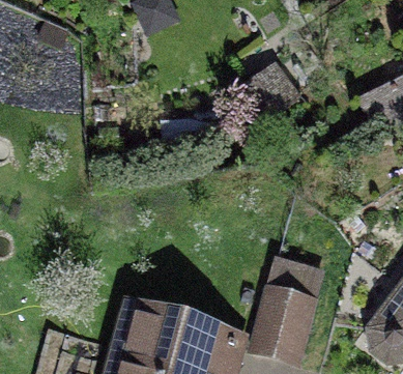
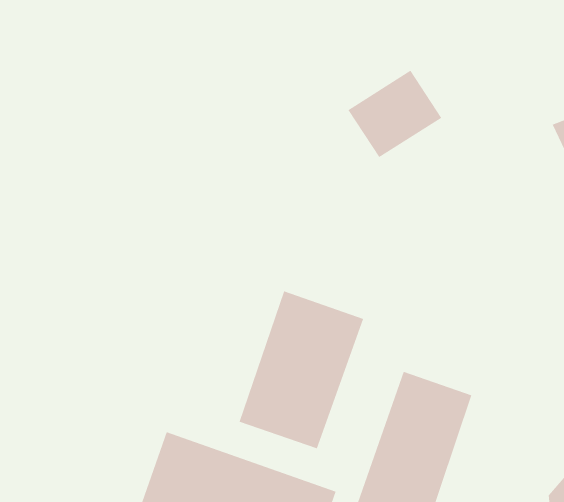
building: none -> [239,291,364,449]

